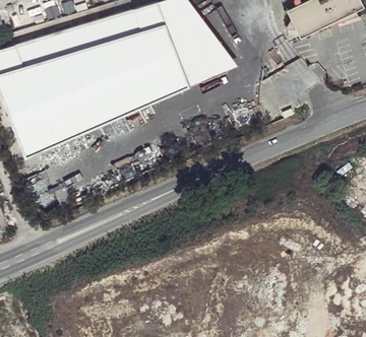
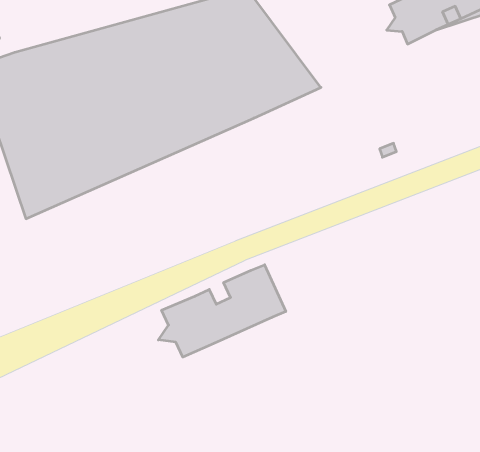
building: none -> [158,265,286,357]

